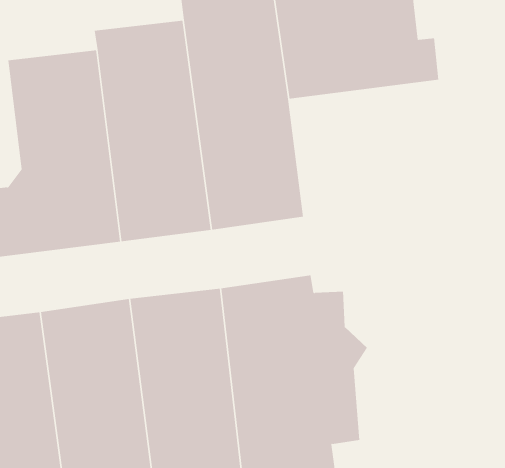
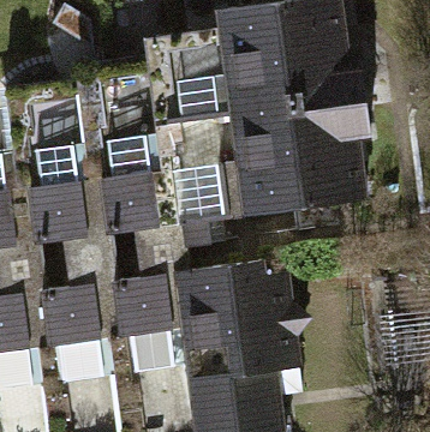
building: none -> [246,102,372,212]

